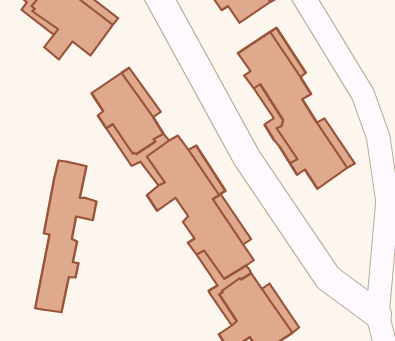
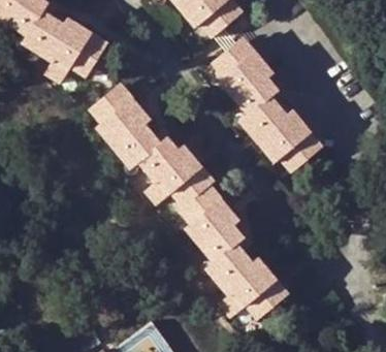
building: [35,161,96,312] -> none

